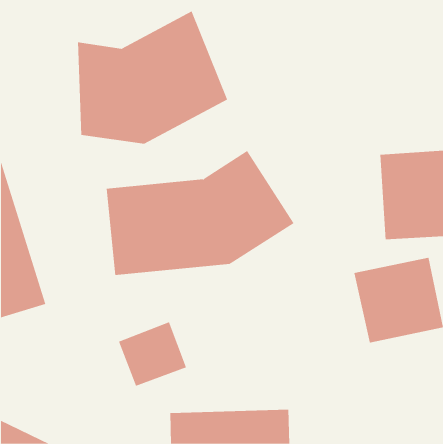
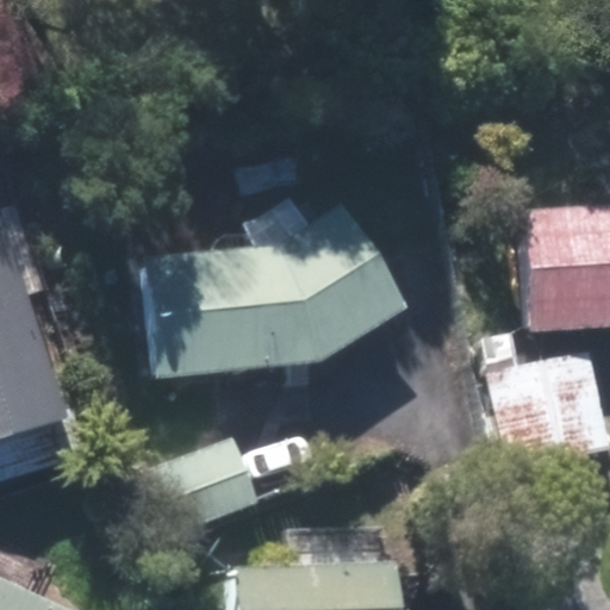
building: [77,11,228,145] -> none

